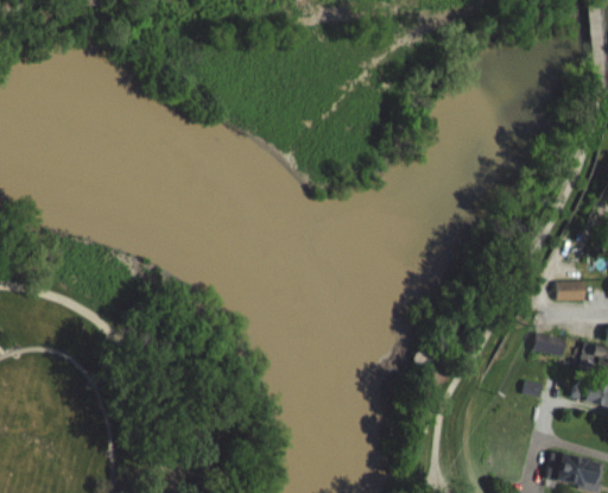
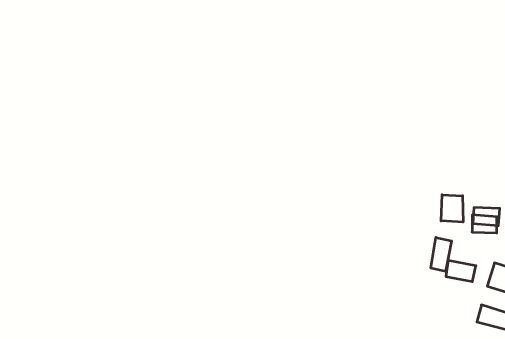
building: none -> [441,195,463,222]
building: none -> [431,237,452,271]

